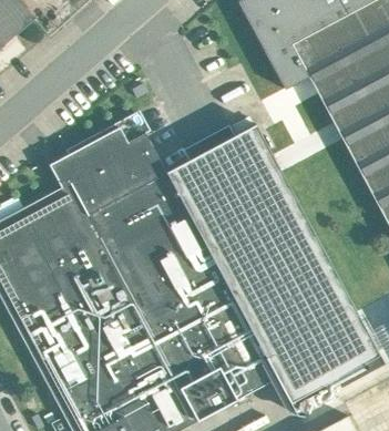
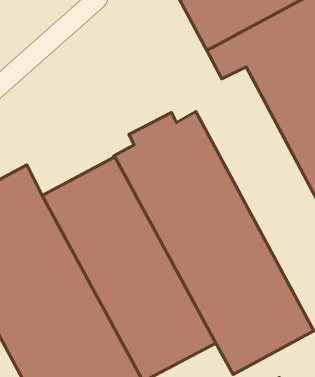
building: [49,117,167,216] -> none

